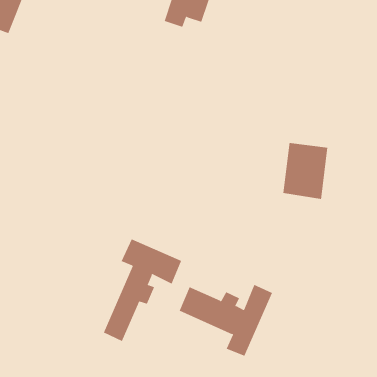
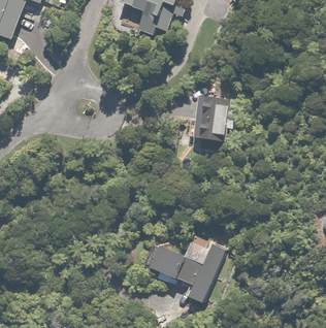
building: [283,142,328,200] -> [191,94,228,140]
building: [103,238,182,342] -> none

